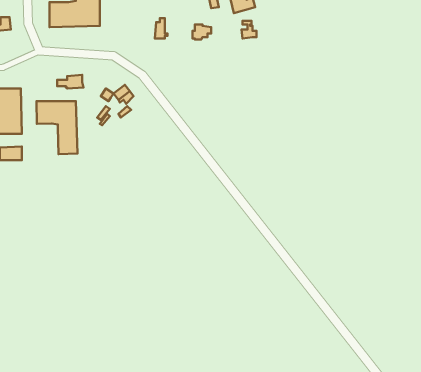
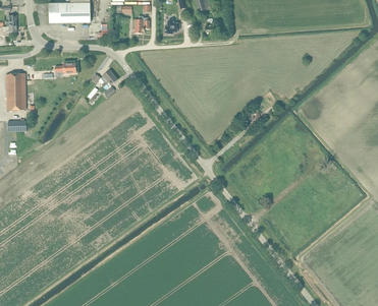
building: [36,101,77,154] -> none

